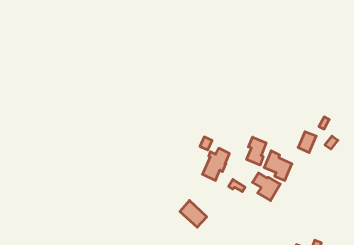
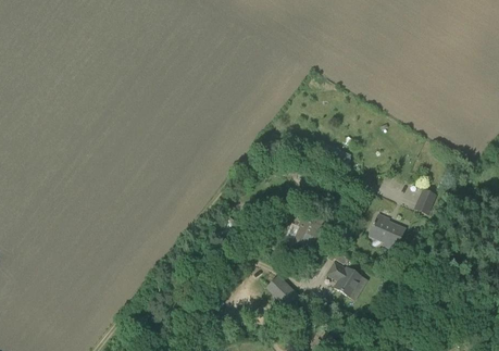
building: [247,137,266,165] -> none
building: [252,173,280,201] -> [327,262,362,297]

